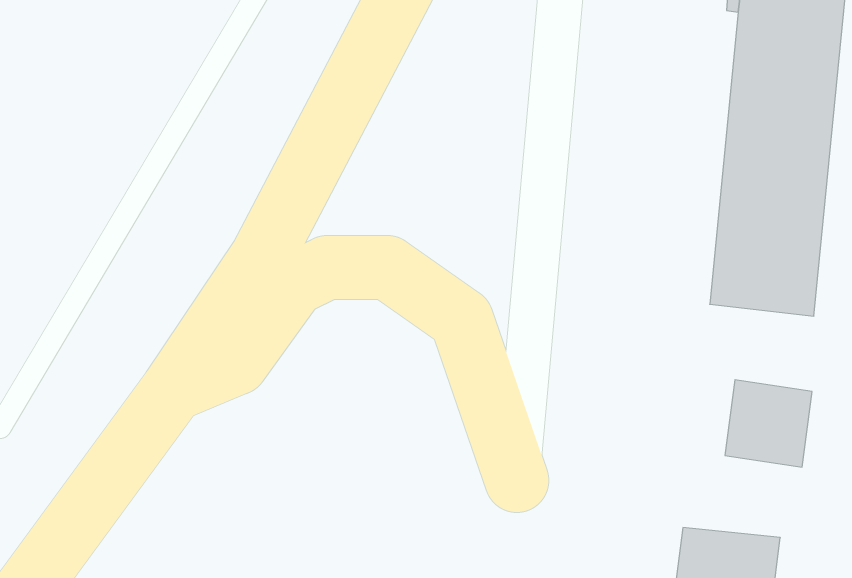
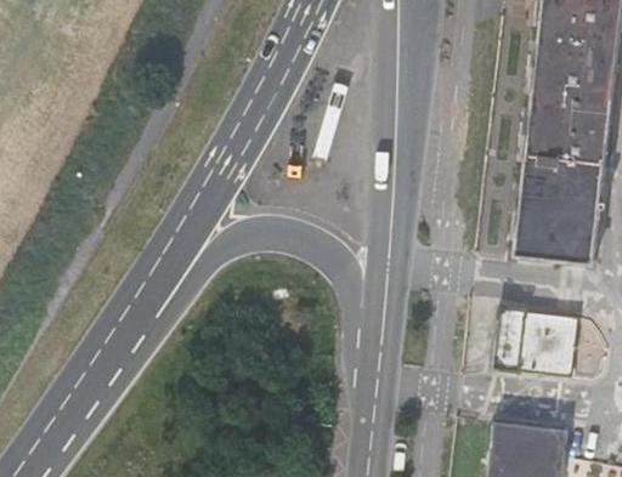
building: none -> [504,310,536,368]

